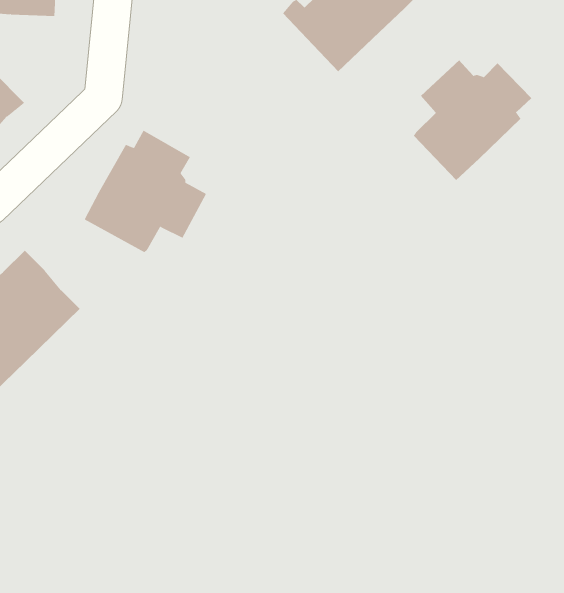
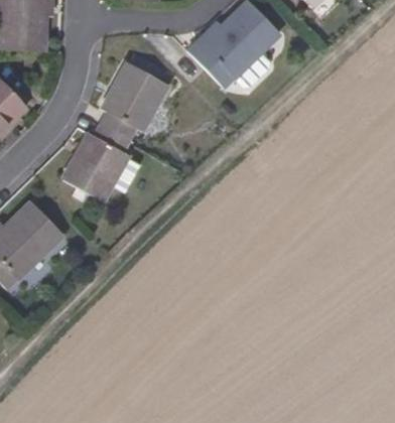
building: none -> [100,61,166,140]
building: [413,60,532,181] -> none

